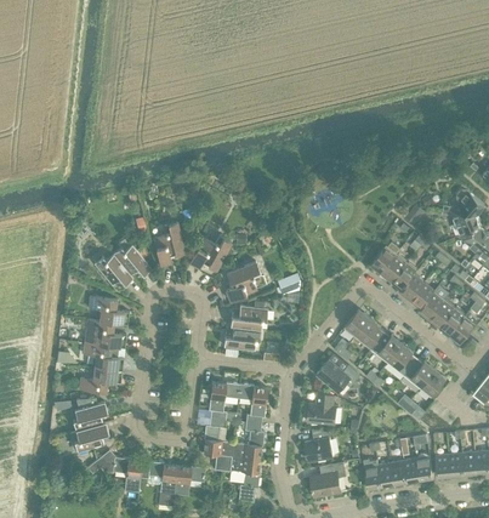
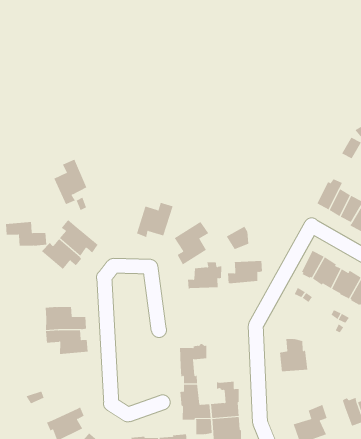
building: [153,221,184,264] -> [54,159,87,205]
building: [89,296,129,324] -> [5,222,47,246]
building: [223,325,261,348] -> [227,261,263,284]
building: [317,358,359,392] -> none
building: [79,368,123,392] -> none
building: [238,382,268,423] -> none
building: [73,398,107,431] -> none
building: [305,428,334,460] -> none

